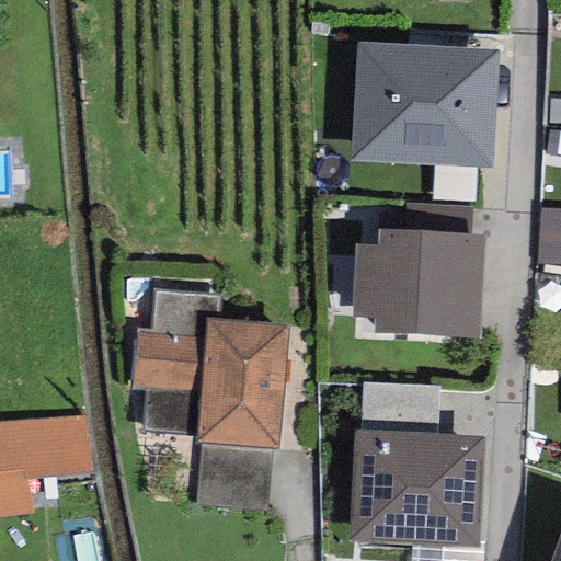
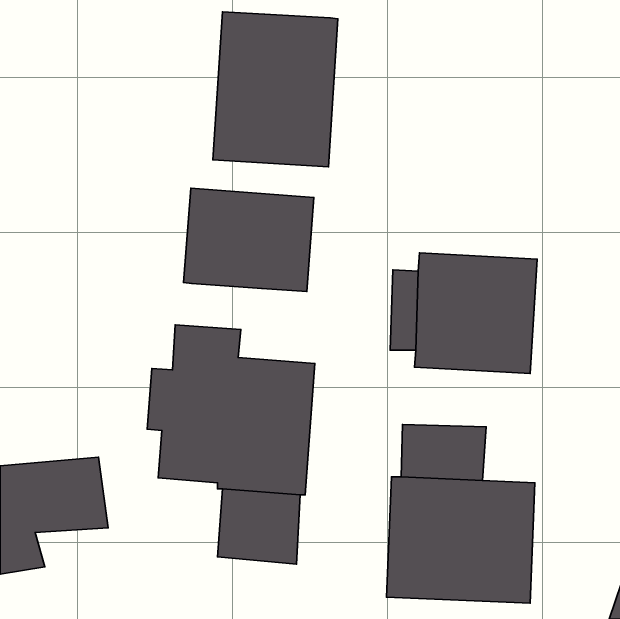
building: none -> [213,12,338,167]
building: [351,42,497,168] -> none
building: none -> [184,188,314,292]

